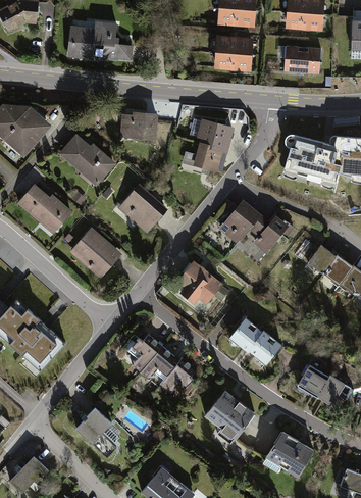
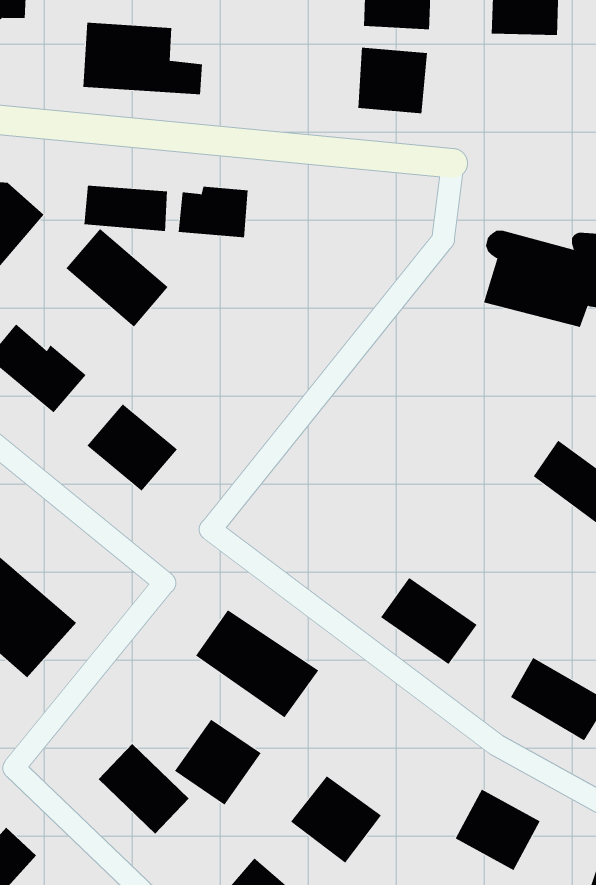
building: [285,44,321,72] -> none
building: none -> [84,185,168,232]
building: [194,121,234,171] -> none
building: [118,182,167,230] -> none
building: [222,201,282,256] -> none
building: [176,259,224,306] -> none
building: [206,392,255,439] -> [290,776,382,863]
building: none -> [174,719,261,805]

